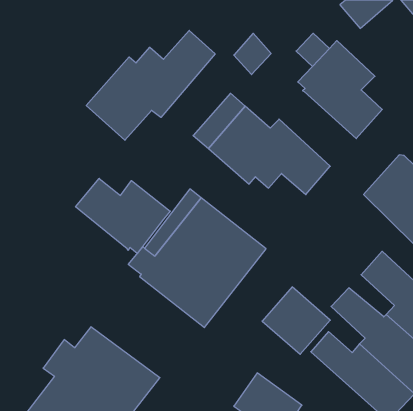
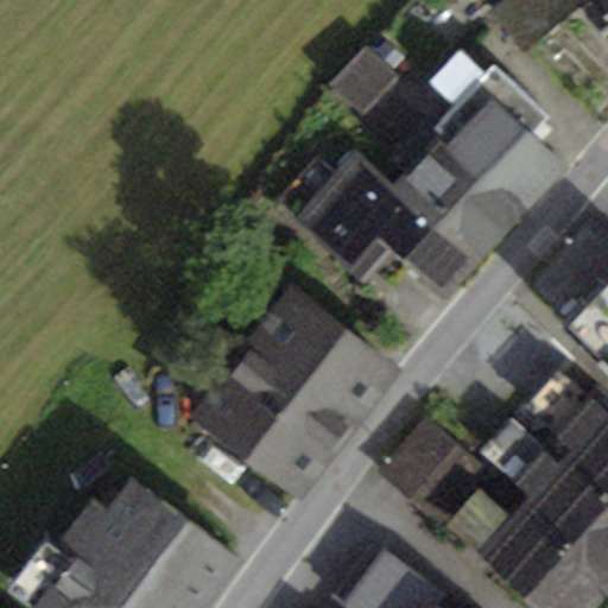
building: [86,30,215,140] -> none
building: none -> [408,125,524,248]
building: [76,178,170,253] -> none

